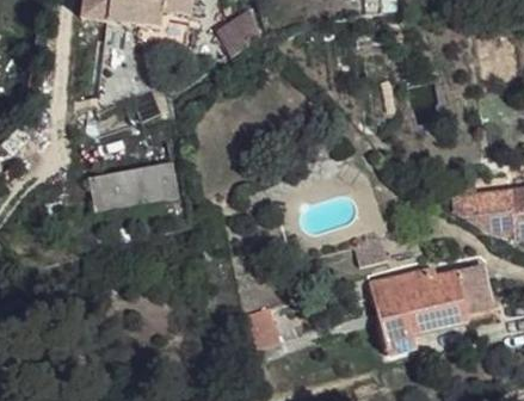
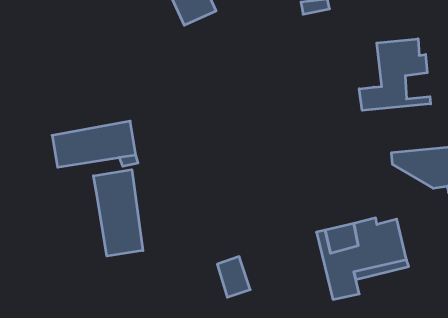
building: none -> [359,39,431,110]
building: none -> [93,170,143,256]
building: [458,263,494,313] -> none

